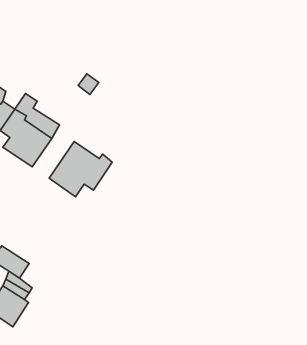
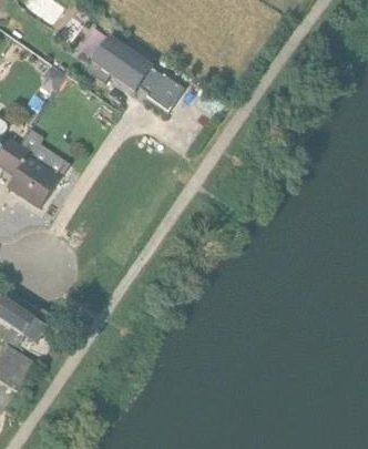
building: none -> [89,33,184,113]
building: [49,141,112,197] -> none

